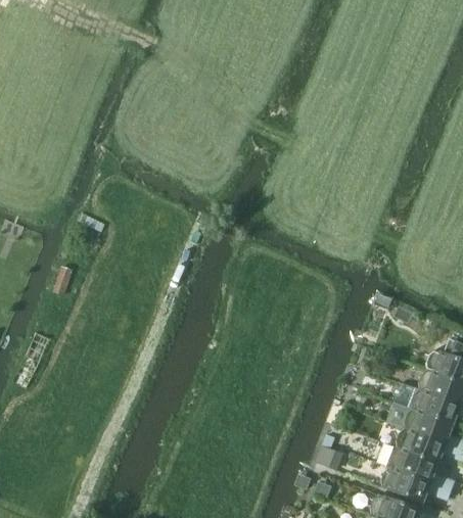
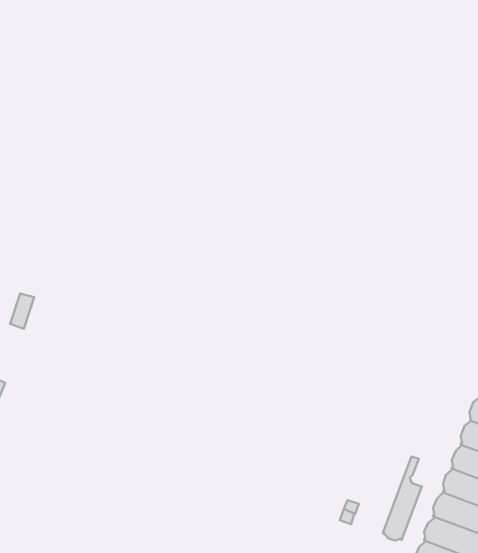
building: none -> [383,457,422,540]

